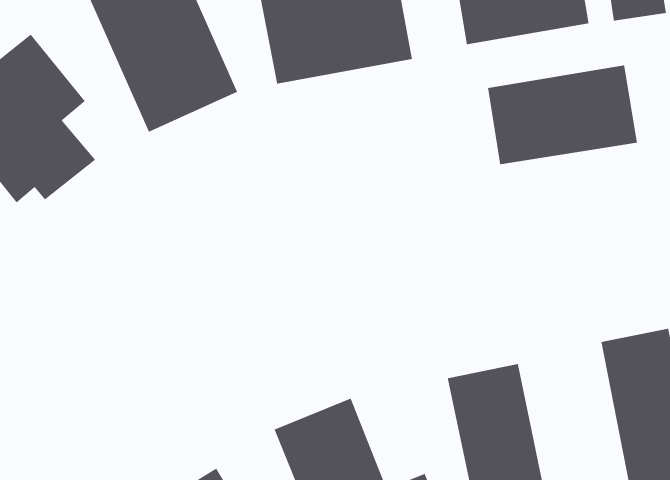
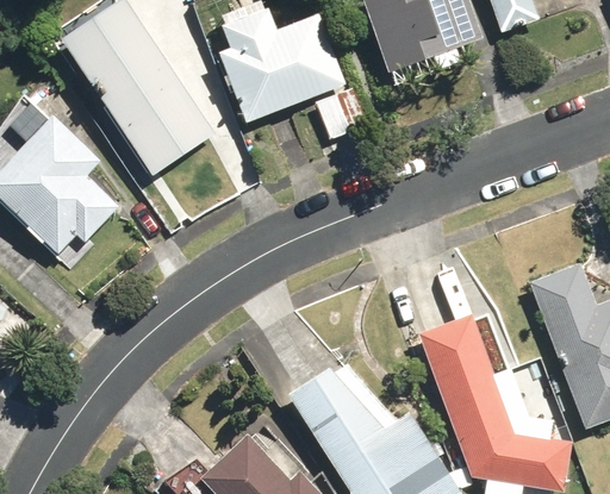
building: [487,64,638,165] -> none

